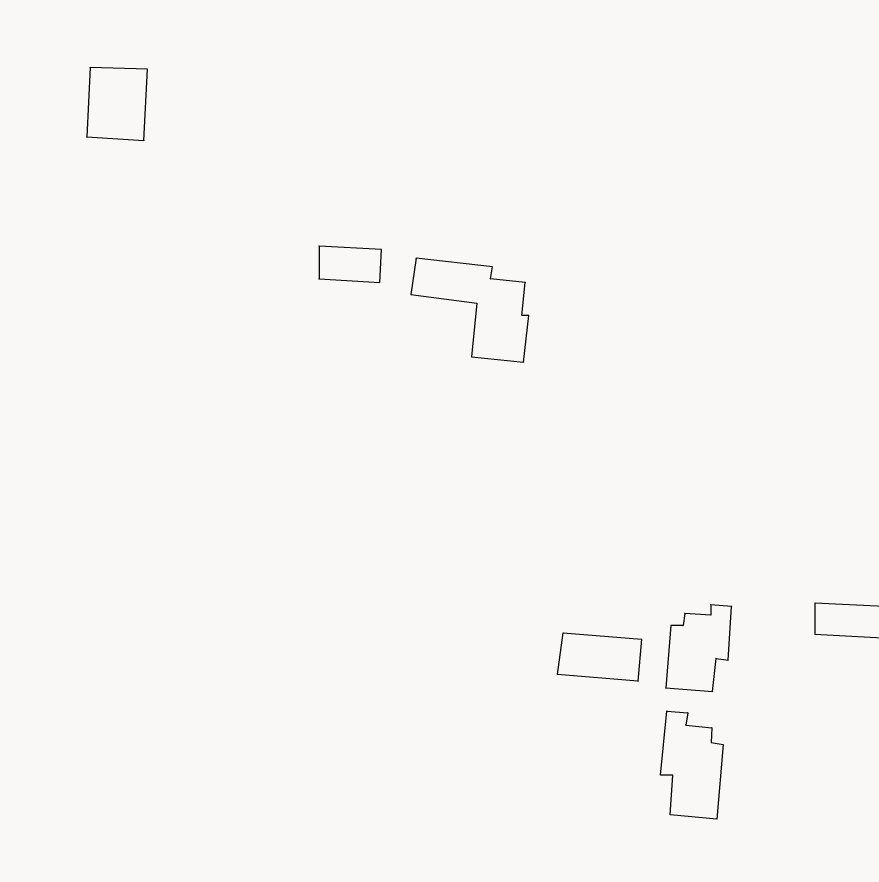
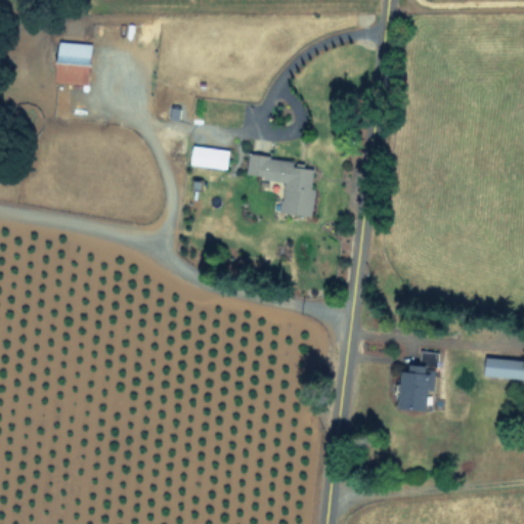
building: [557,633,642,681] -> none
building: [661,711,723,819] -> none

